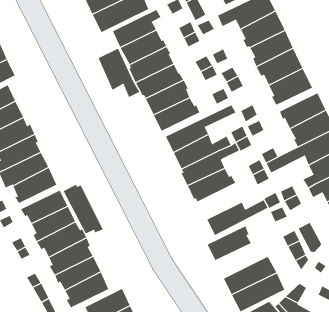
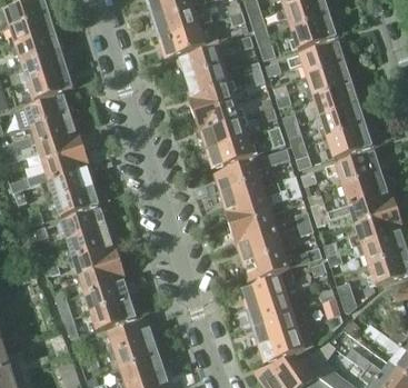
building: [98,48,140,98] -> none
building: none -> [238,230,283,262]
building: [63,184,103,234] -> none
building: none -> [247,294,295,325]

